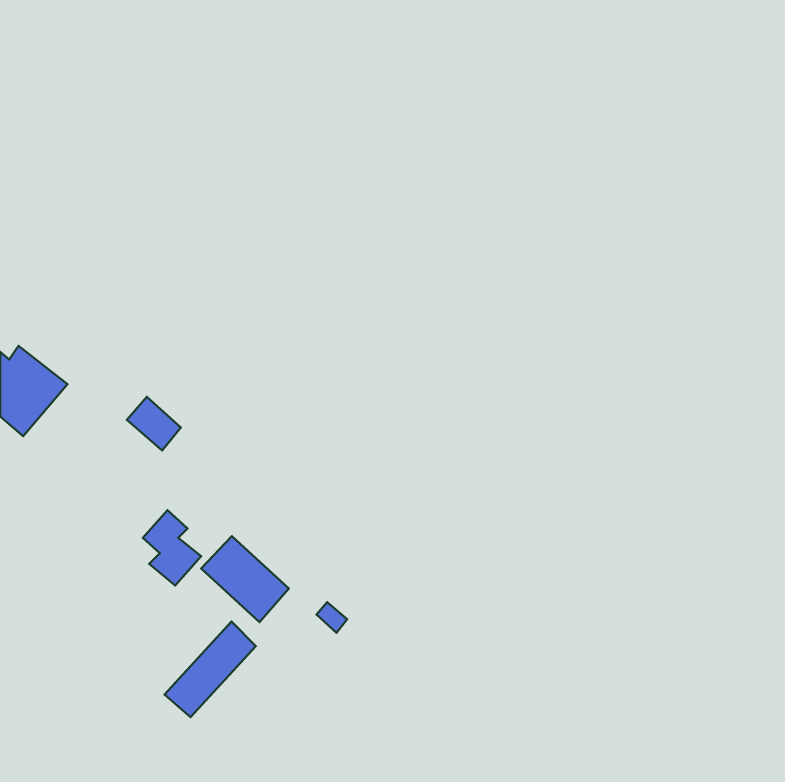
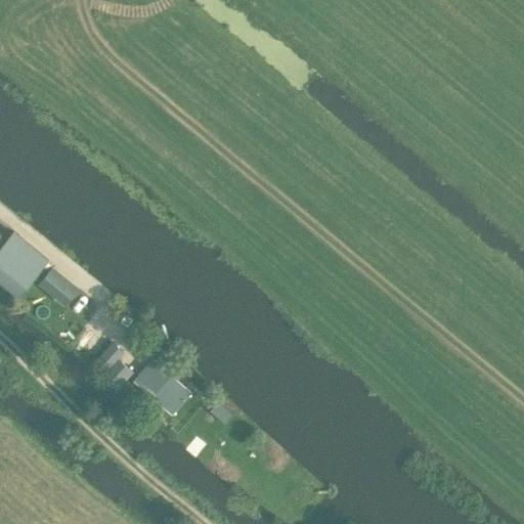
building: [127,397,181,451] -> [39,268,75,304]
building: [164,622,256,717] -> none

